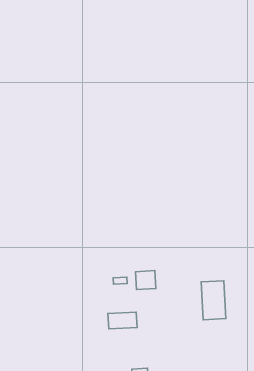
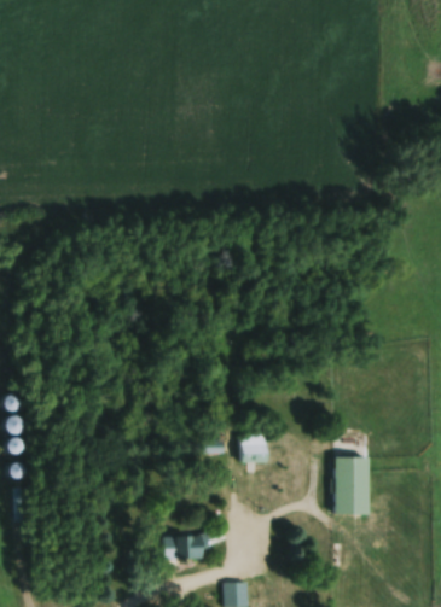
building: [108,312,137,329] -> [162,536,204,559]

